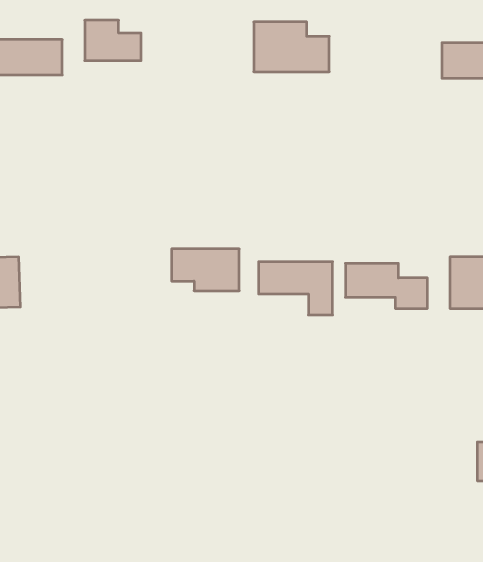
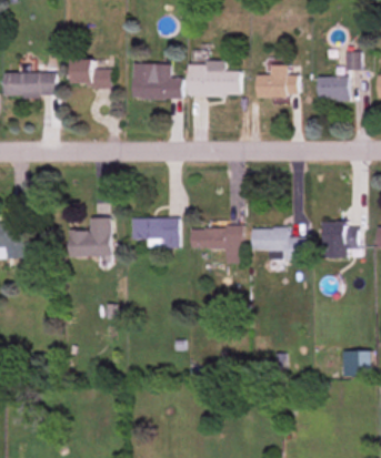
building: none -> [132,64,182,99]
building: none -> [257,65,297,96]
building: none -> [69,217,110,257]

